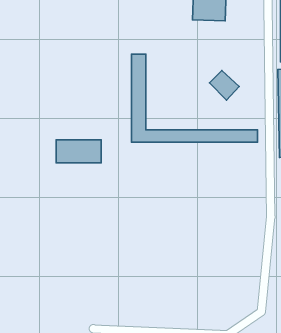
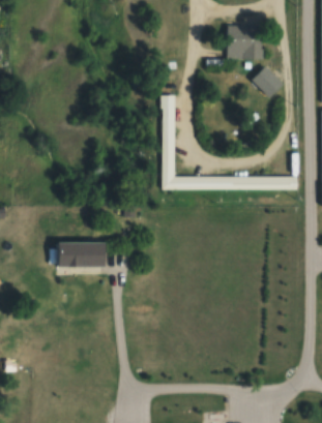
building: [209,70,239,100] -> [252,65,284,97]
building: [56,140,101,163] -> [59,243,108,268]

